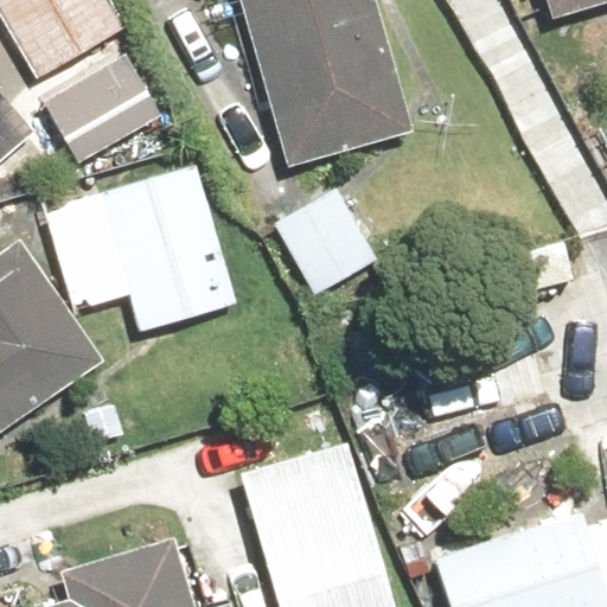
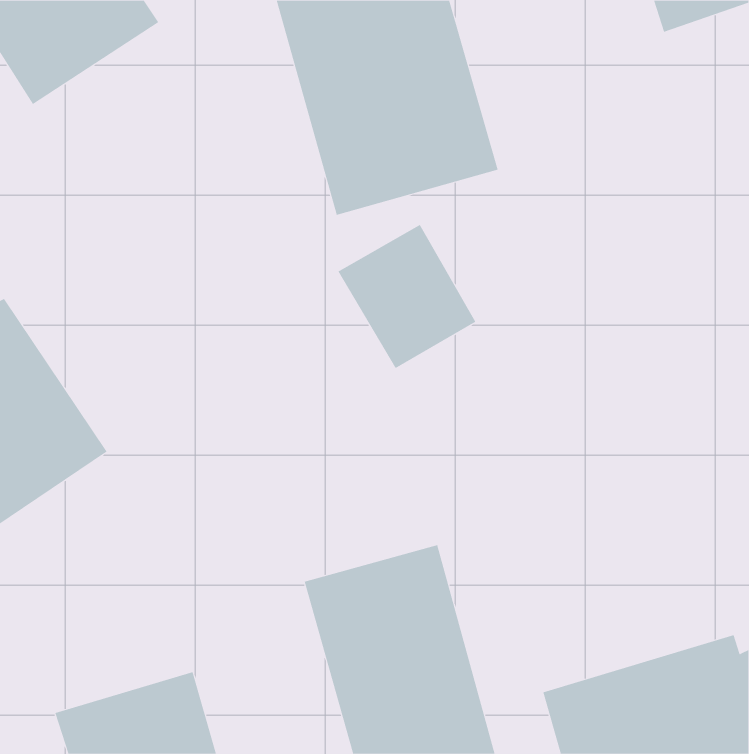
building: [50,51,170,165] -> none
building: [55,168,241,330] -> none

